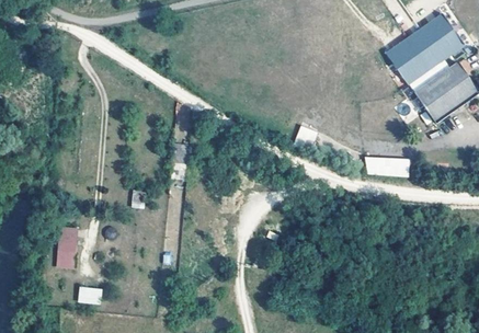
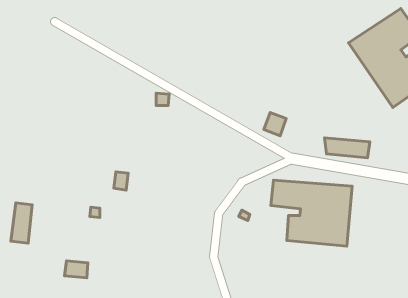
building: none -> [271,180,352,246]
building: [55,226,78,269] -> [11,203,32,243]

